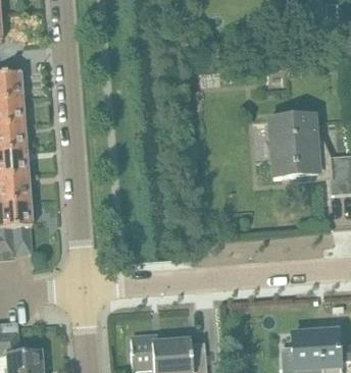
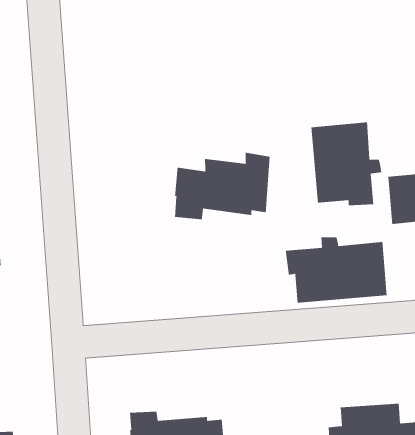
building: none -> [175,152,270,220]
building: none -> [285,237,387,304]

